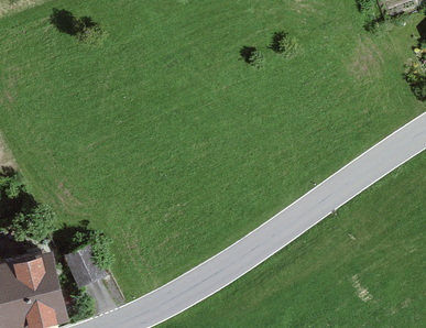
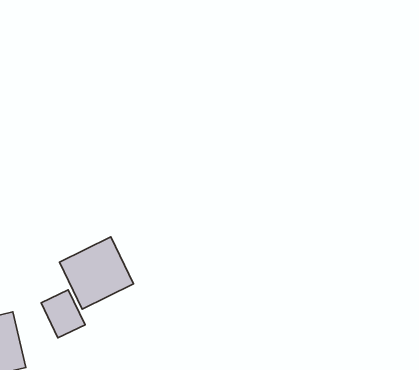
building: none -> [59,237,133,309]

